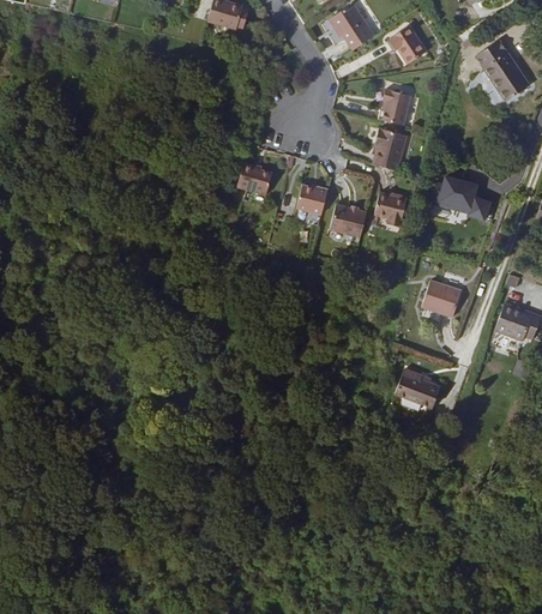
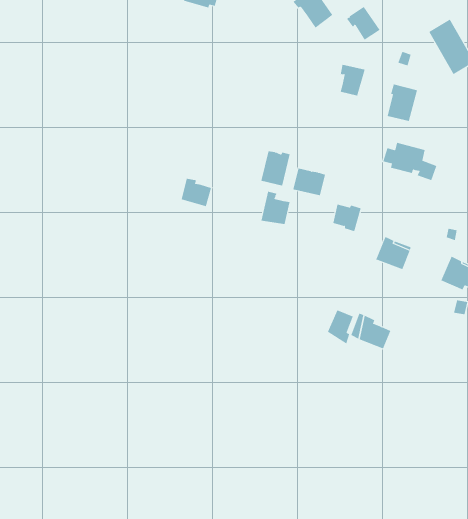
building: [372,128,406,170] -> [387,84,418,121]
building: [236,162,271,194] -> [181,178,212,207]
building: [374,193,406,224] -> [332,204,361,232]
building: none -> [261,191,290,225]
building: none -> [327,309,354,345]

